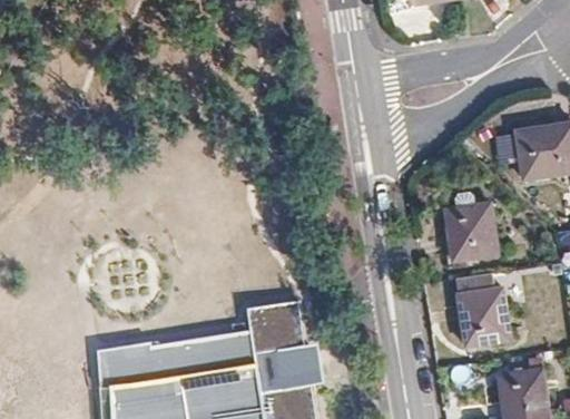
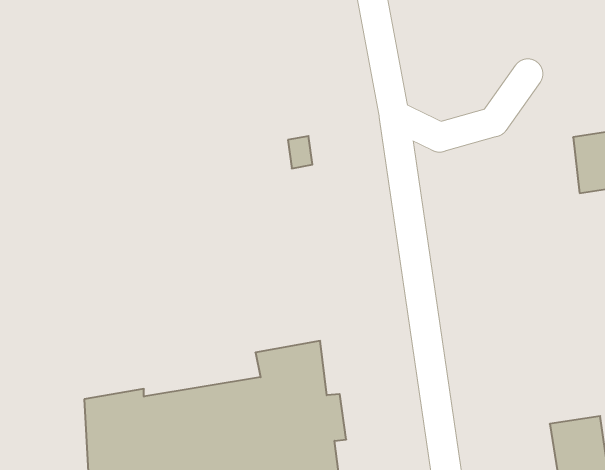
building: [445,203,497,260] -> none
building: [459,288,510,345] -> none

